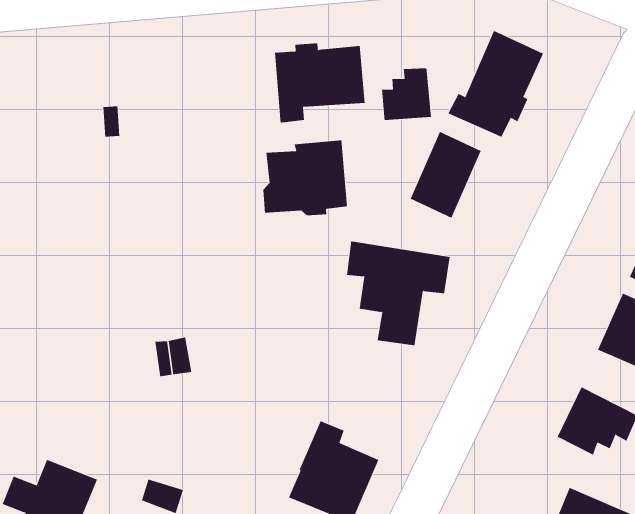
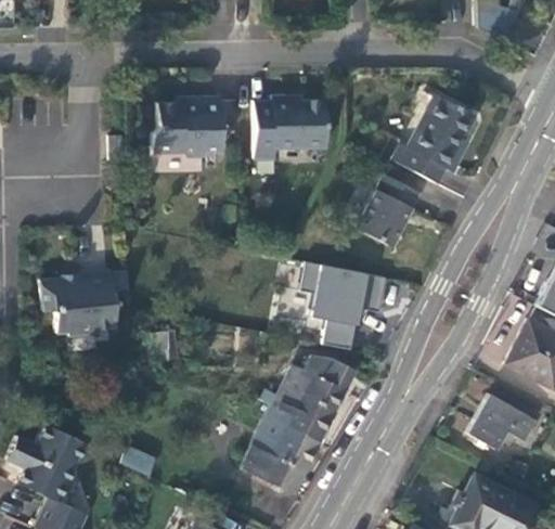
building: [381,68,431,121] -> none
building: [263,140,348,216] -> [153,95,222,156]
building: none -> [40,270,116,335]
building: none -> [272,353,356,441]

